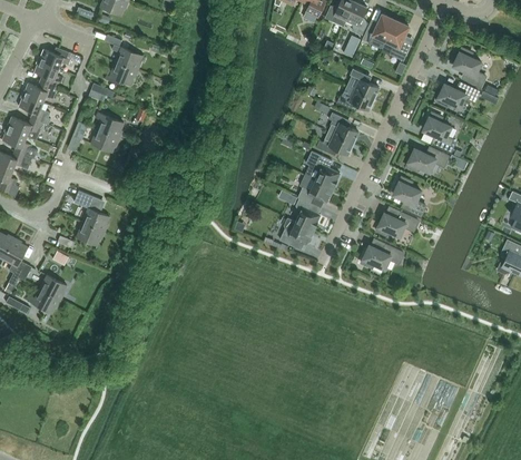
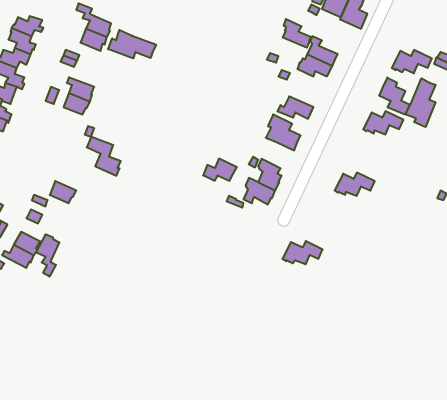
building: [453,47,485,86] -> none
building: none -> [108,30,156,58]
building: none -> [405,78,436,127]
building: [328,112,358,143] -> [283,19,311,48]
building: [393,176,425,215] -> none
building: [298,179,334,203] -> [203,159,237,181]
building: [73,189,109,231] -> [87,137,121,176]
building: [361,244,403,268] -> [282,241,323,264]
building: none -> [36,234,59,277]

